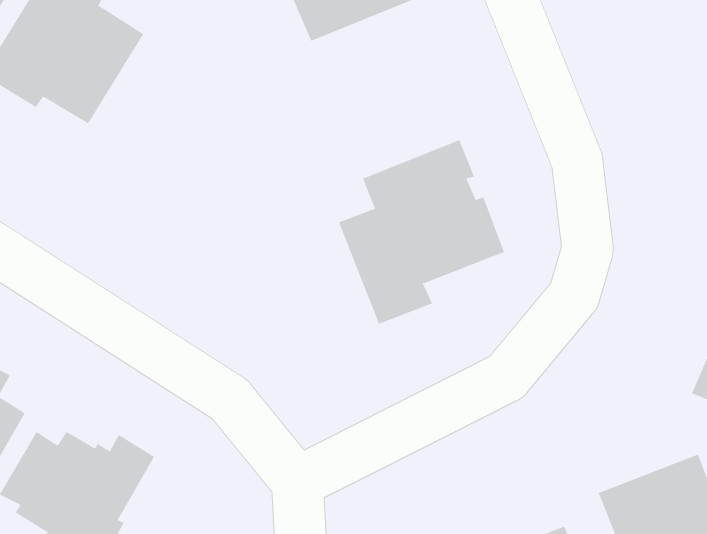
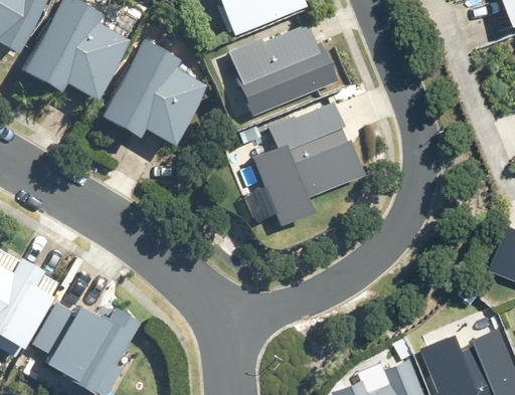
building: none -> [229,29,340,121]
building: none -> [97,38,205,142]

